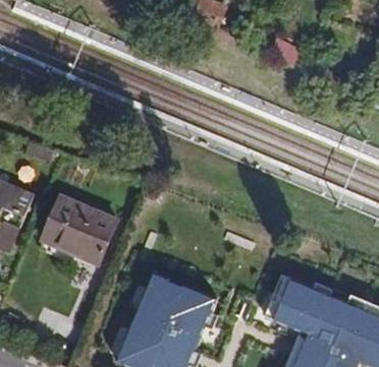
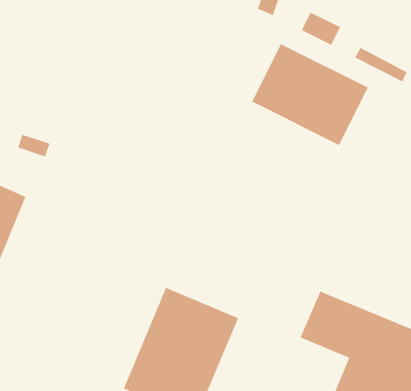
building: none -> [251,43,369,146]
building: [41,196,116,264] -> none

